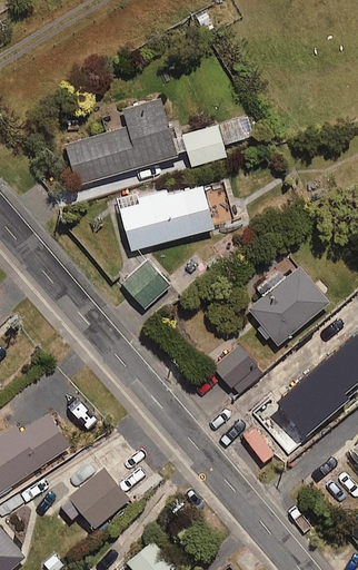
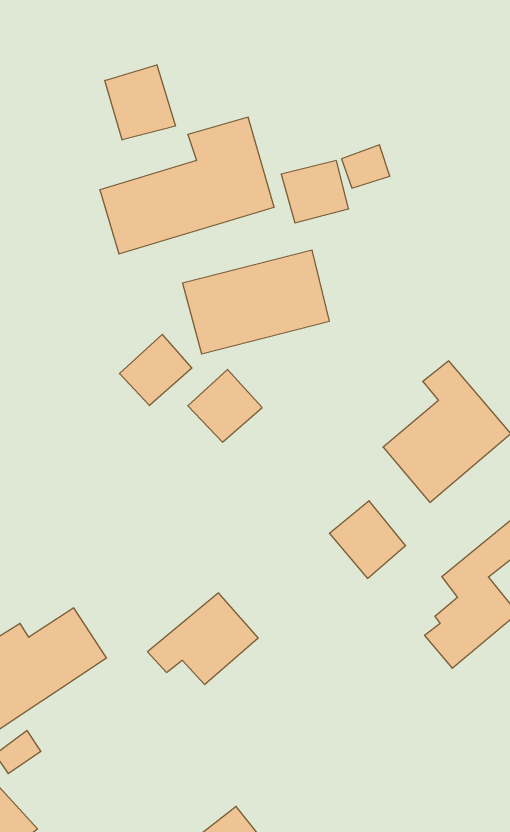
building: none -> [105,65,175,140]
building: none -> [119,334,192,406]
building: [59,469,130,528] -> [148,593,258,685]

